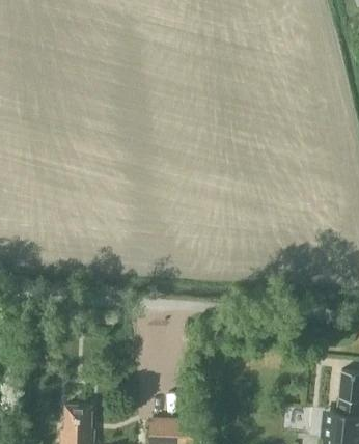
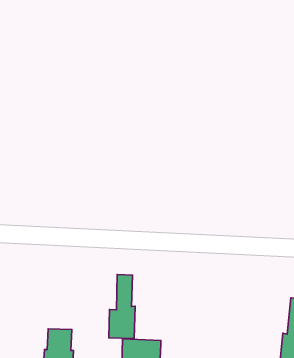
building: none -> [109,274,135,338]

